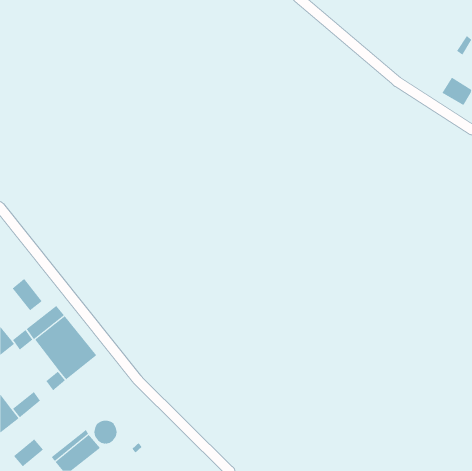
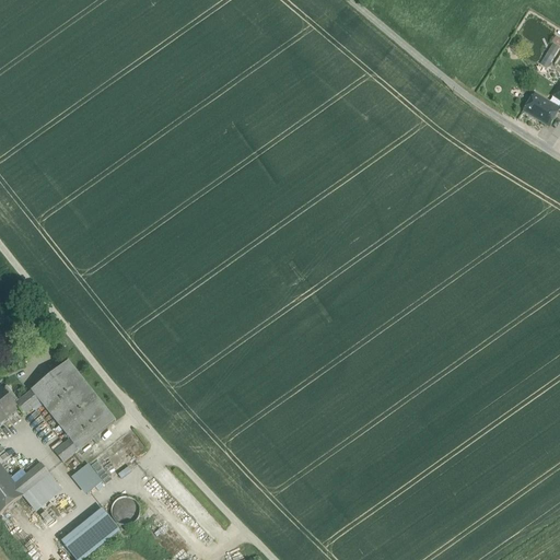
building: [12,278,43,311] -> none
building: none -> [71,459,102,490]
building: [13,439,44,467] -> [23,472,59,506]

